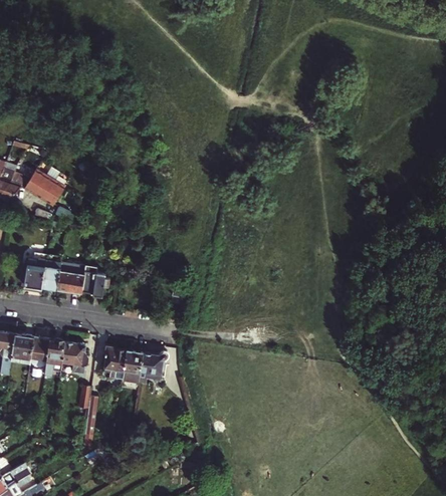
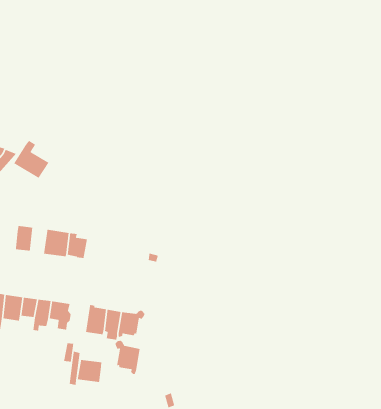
building: [41,260,59,290] -> none
building: none -> [115,340,141,375]
building: none -> [77,359,102,383]

